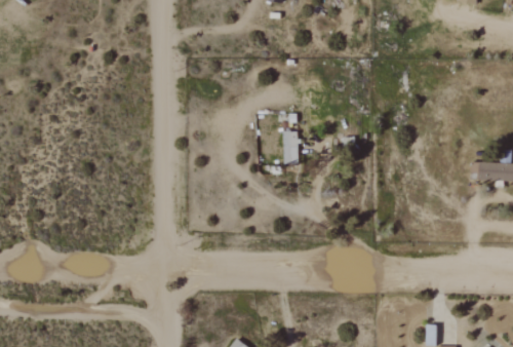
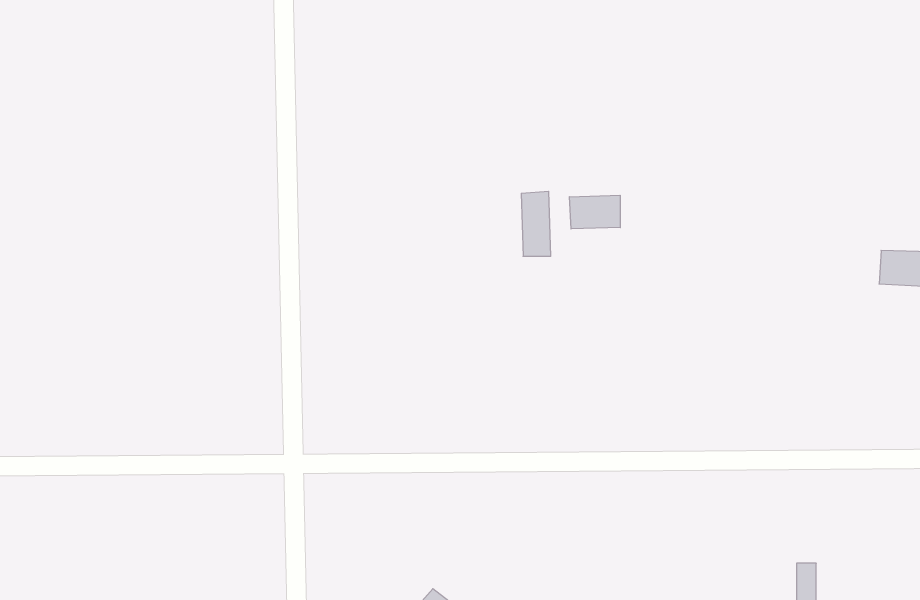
building: none -> [569,195,620,229]

